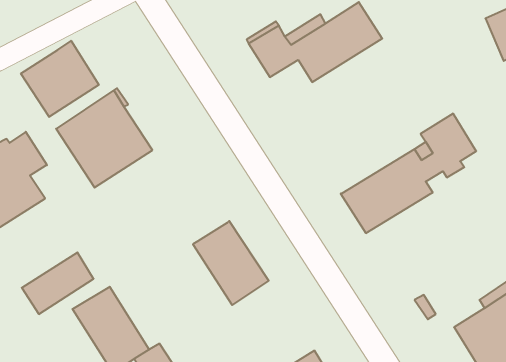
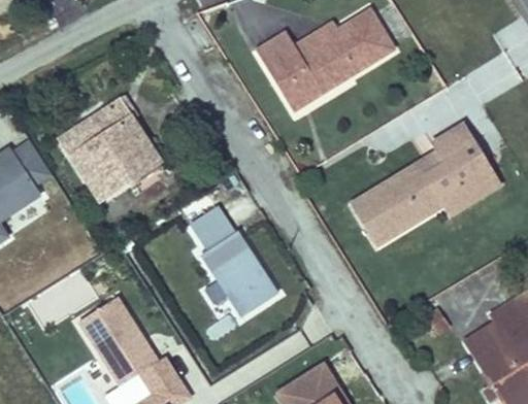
building: [21,41,99,117] -> none
building: none -> [278,68,322,108]
building: none -> [437,161,501,213]
building: none -> [189,206,235,252]

